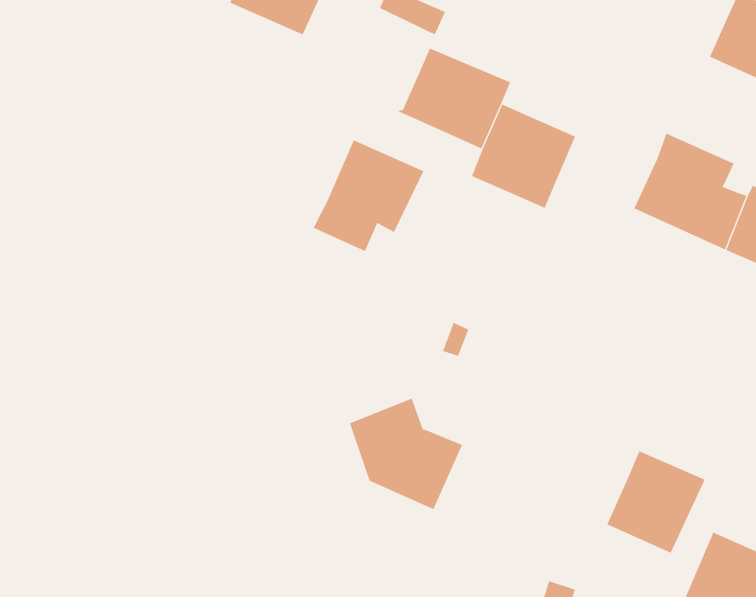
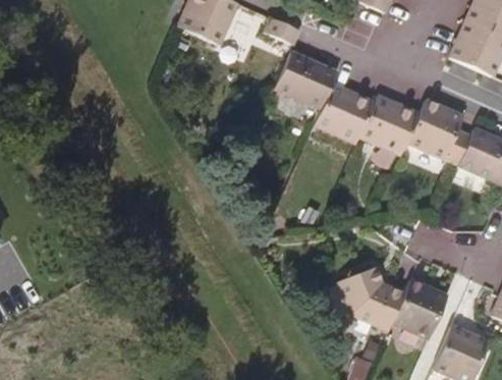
building: none -> [359,95,420,154]
building: [313,140,424,252] -> none
building: [349,398,463,510] -> [339,266,403,329]

